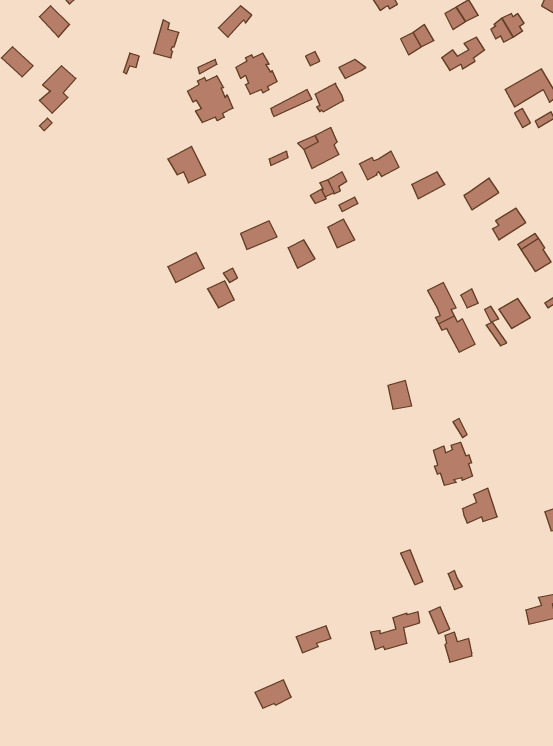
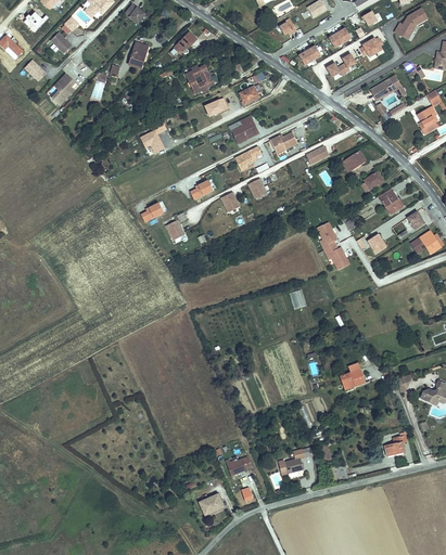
building: [188,76,233,123] -> none
building: [434,442,473,485] -> none

